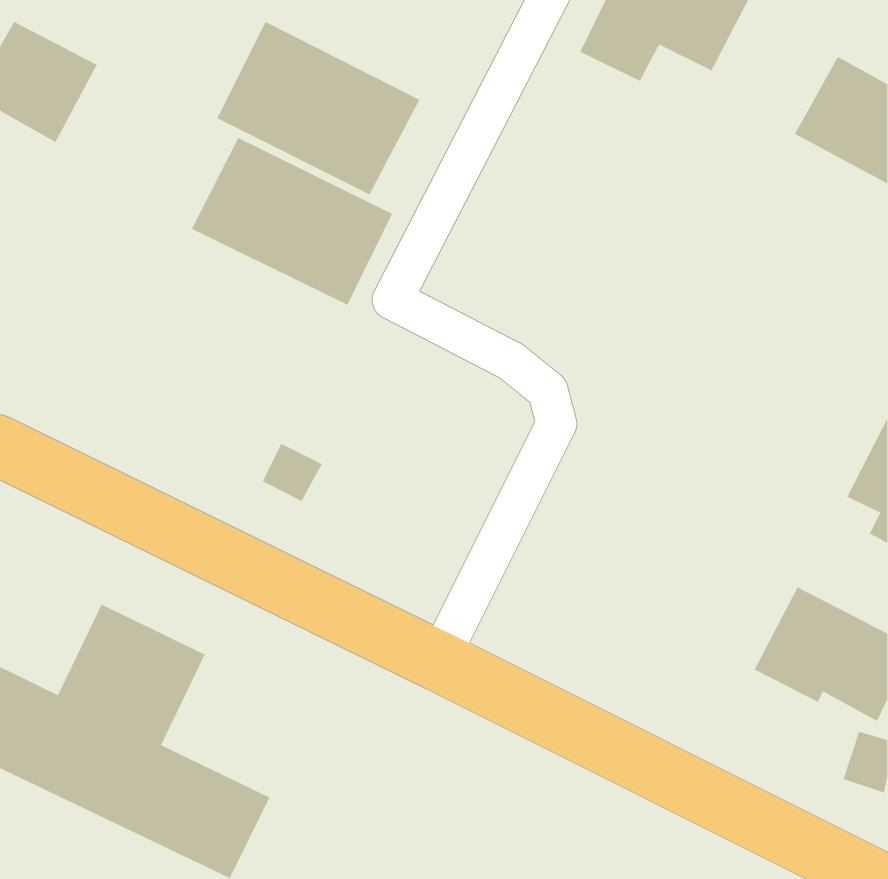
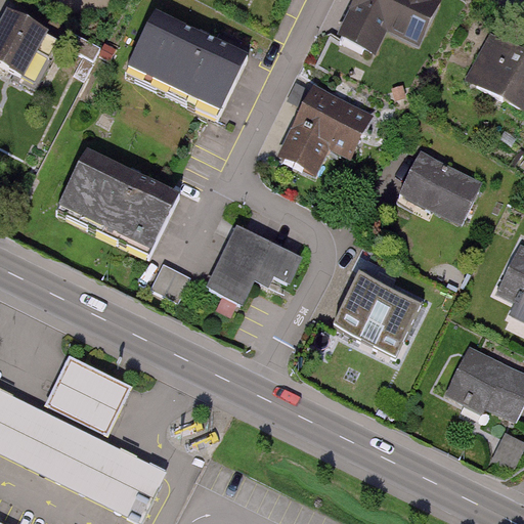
building: [191,137,393,306] -> [59,150,178,250]
building: none -> [280,86,373,172]
building: none -> [400,151,482,224]
building: none -> [209,225,302,305]
building: none -> [334,269,424,356]

